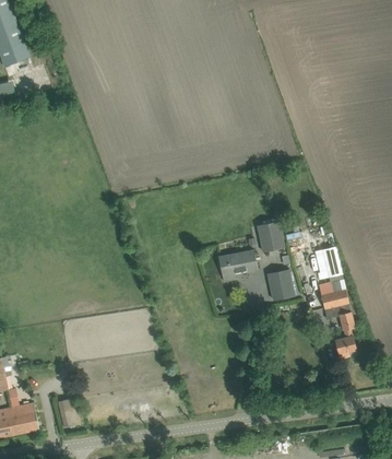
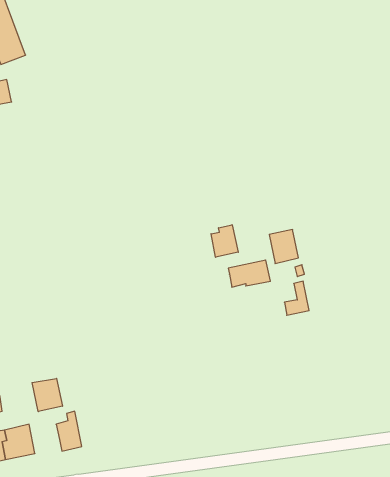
building: none -> [211,225,238,257]
building: [314,246,356,358] -> none
building: none -> [32,378,62,412]

